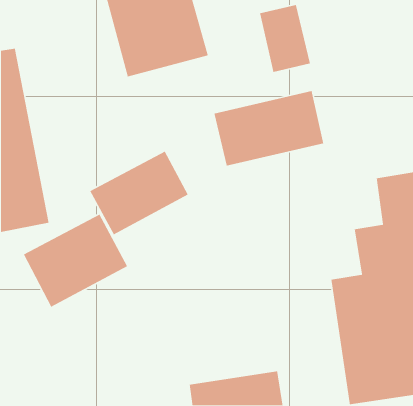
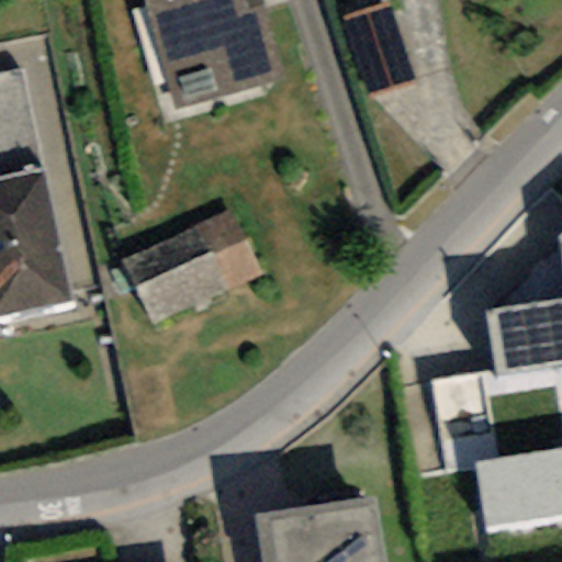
building: [214,90,324,166] -> none
building: [23,214,128,308] -> none

